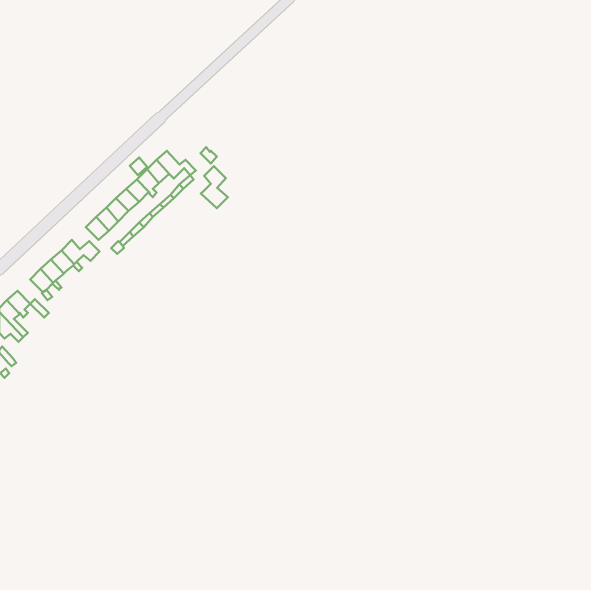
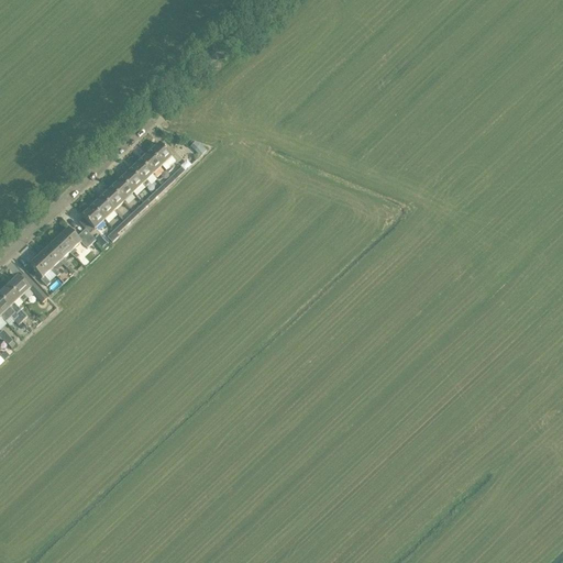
building: [201,166,228,208] -> none

